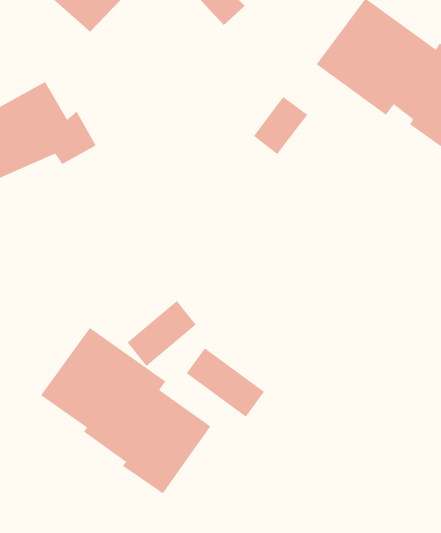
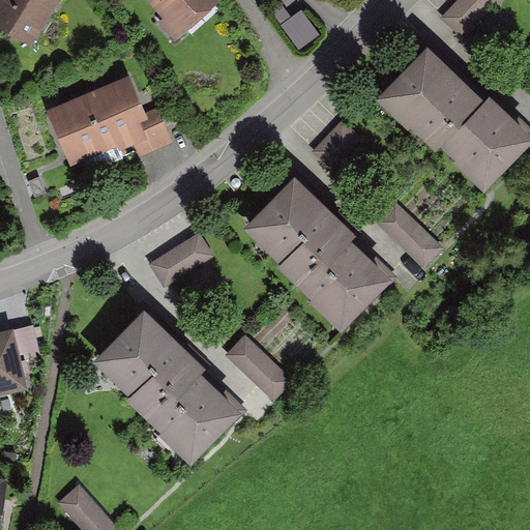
building: none -> [241,172,390,329]
building: none -> [374,204,442,270]
building: [127,300,197,367] -> [148,234,212,290]

